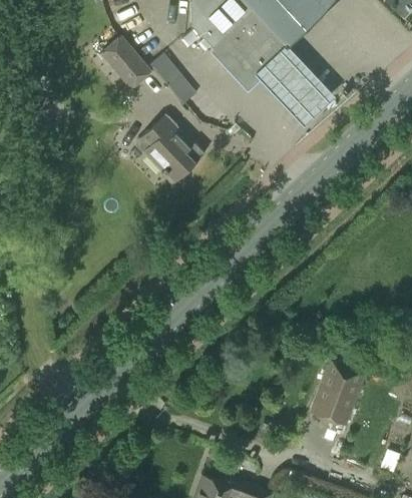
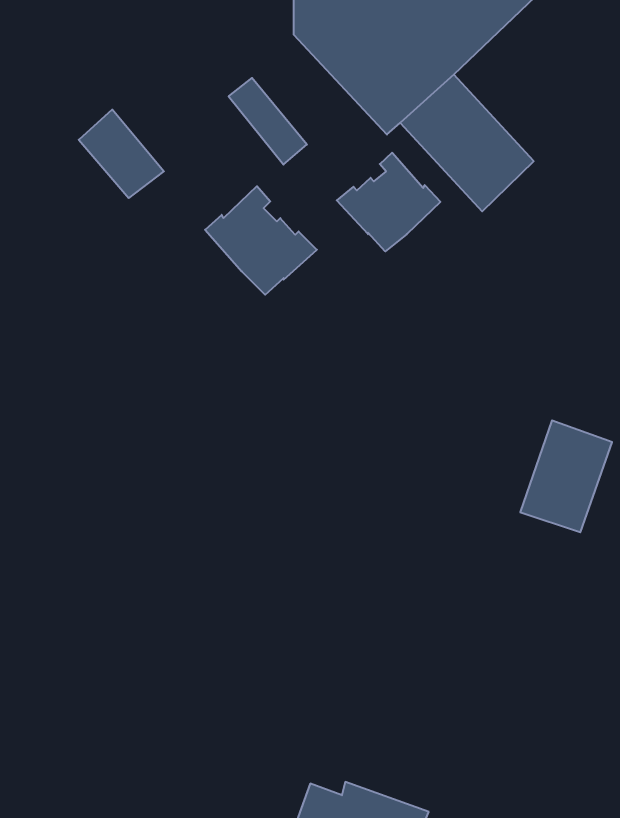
building: [100,36,151,89] -> [79,110,164,198]
building: none -> [337,153,440,251]
building: [310,358,365,425] -> [520,420,612,532]

